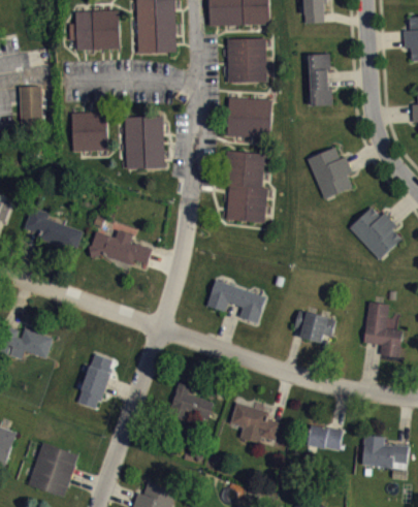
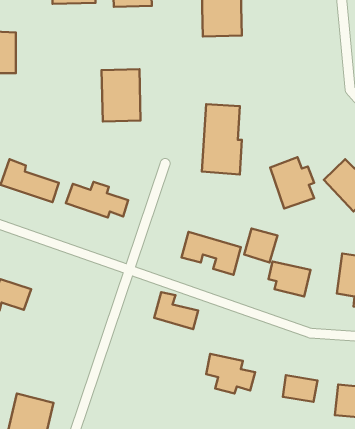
building: [310,54,330,105] -> none
building: [226,97,271,137] -> none
building: [71,112,107,151] -> none
building: [308,147,352,198] -> [270,157,314,208]
building: none -> [244,229,277,262]
building: [75,353,112,410] -> none
building: [169,382,214,419] -> [154,292,198,329]

